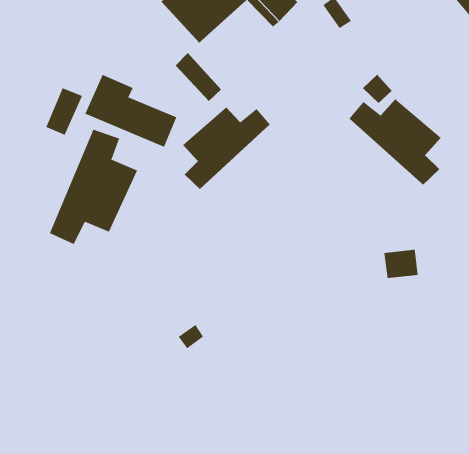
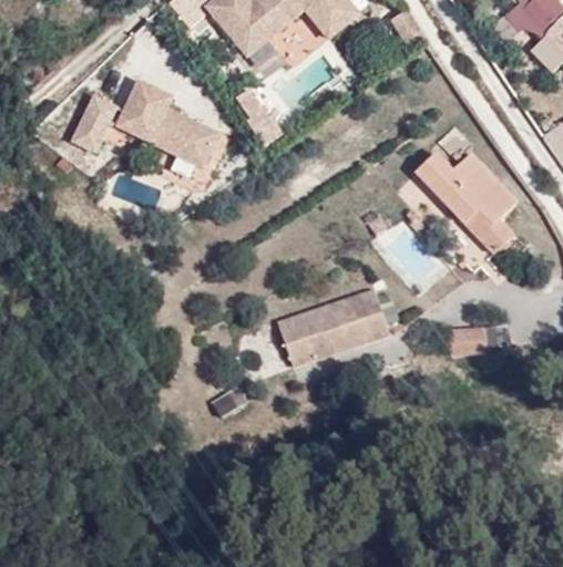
building: [182,106,271,190] -> none
building: [49,129,138,245] -> none
building: none -> [274,286,386,364]

